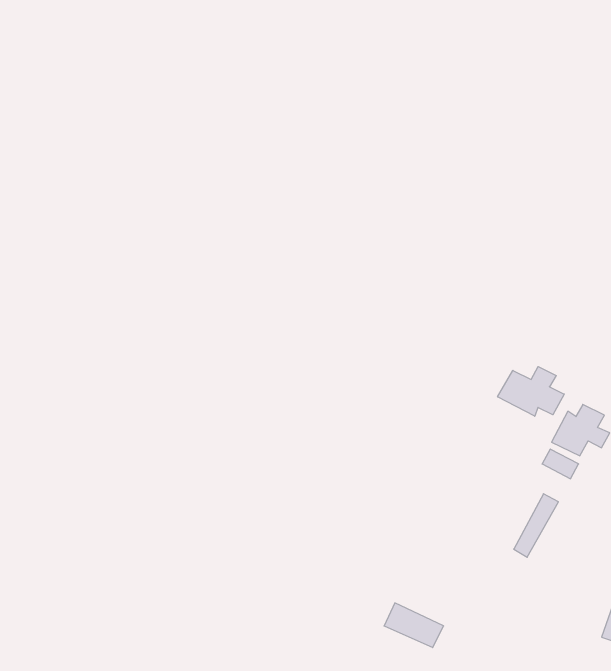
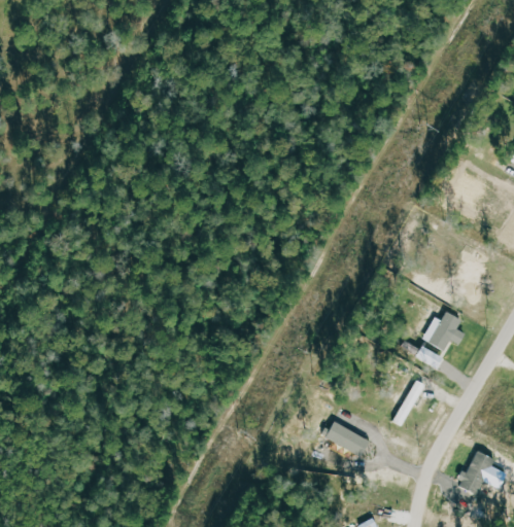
building: [498,367,564,416] -> none
building: [384,603,444,648] -> [323,421,369,455]

